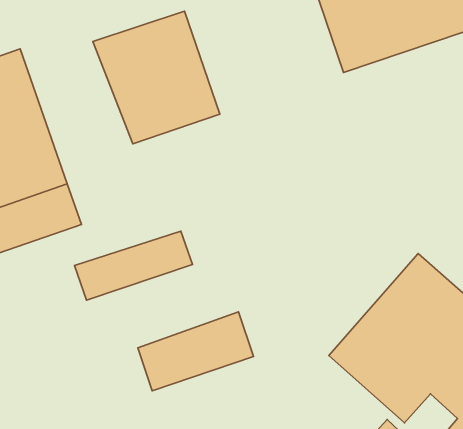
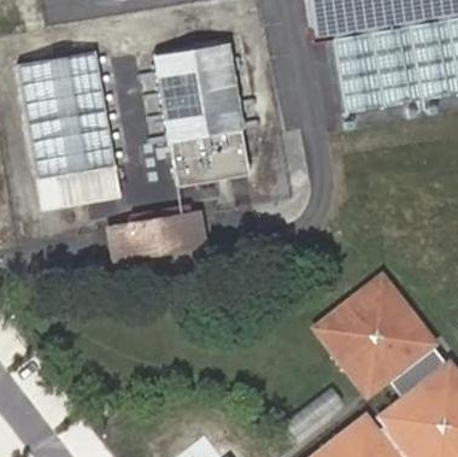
building: none -> [171,131,248,188]
building: [138,312,254,391] -> none

